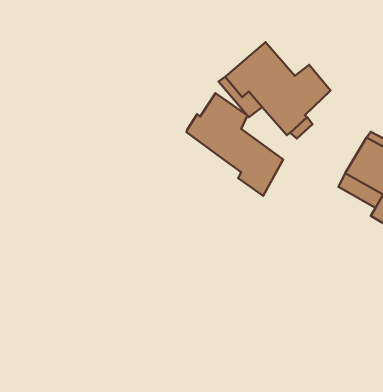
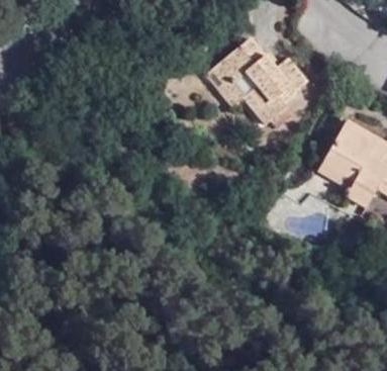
building: [187,93,283,196] -> none

